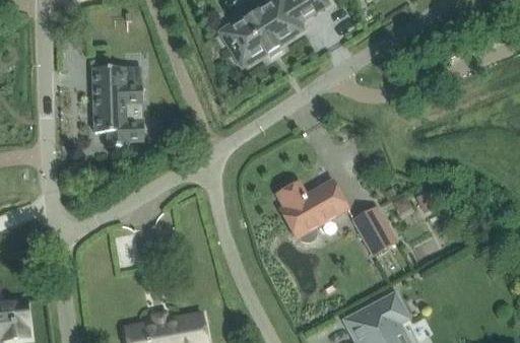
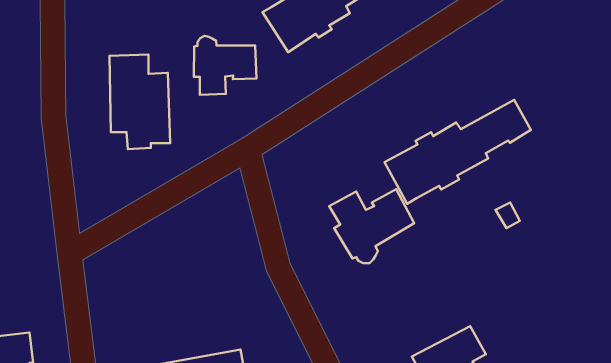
building: none -> [194,36,257,95]
building: none -> [385,100,531,204]
building: [352,205,396,254] -> none

